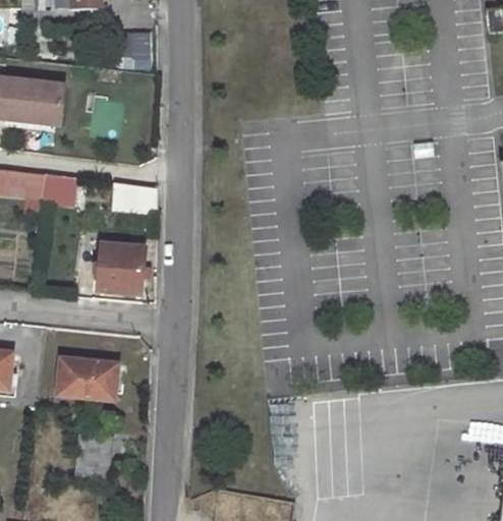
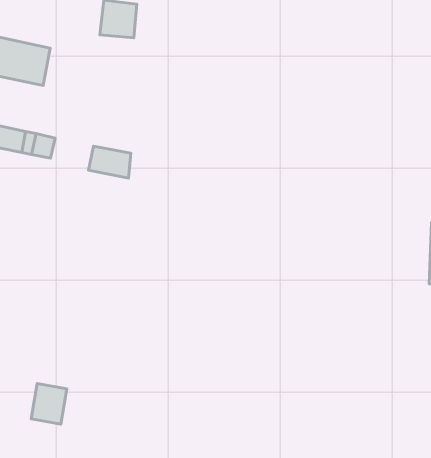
building: [98,244,145,294] -> none
building: [58,357,118,398] -> none

